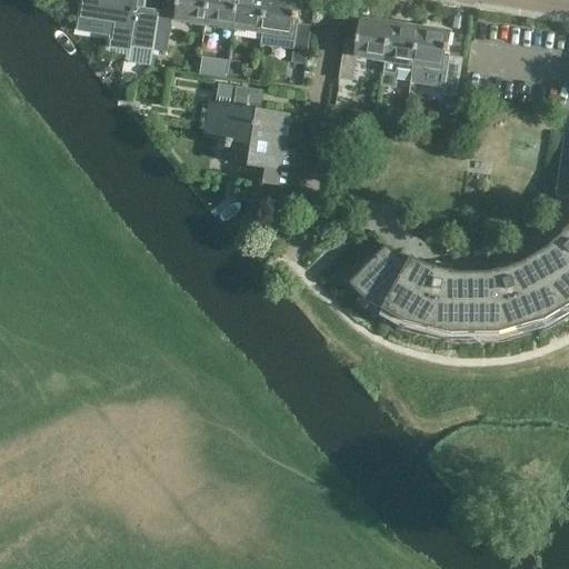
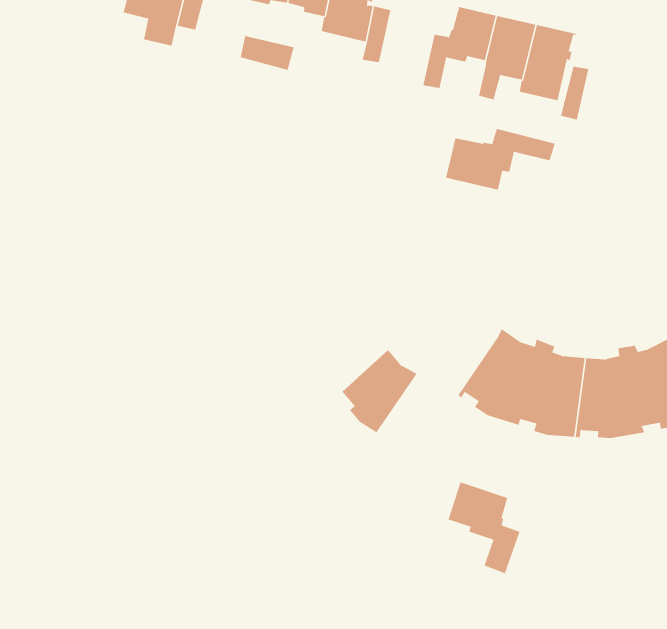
building: [201,86,295,188] -> none
building: none -> [446,128,556,190]
building: [352,246,408,309] -> [342,349,417,433]
building: none -> [448,482,520,574]

